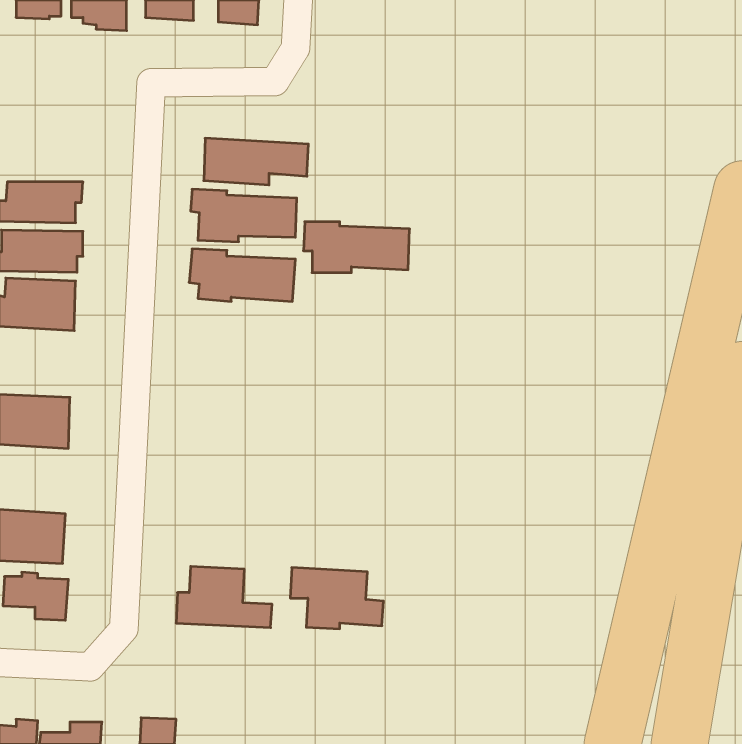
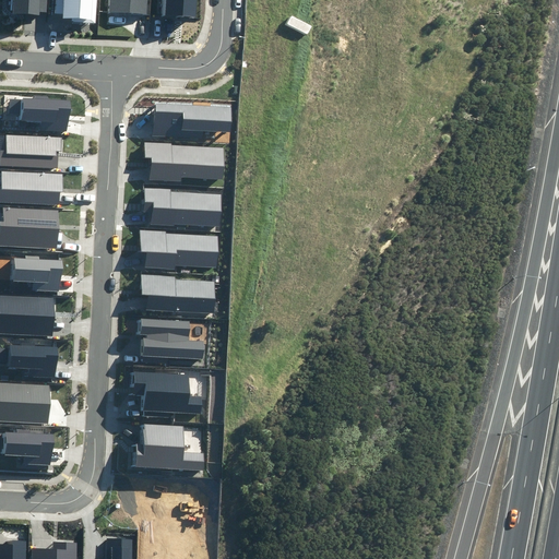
building: none -> [21,95,69,131]
building: [303,222,410,273] -> [138,230,217,269]
building: none -> [12,257,61,292]
building: none -> [140,276,213,313]
building: none -> [140,319,203,364]
building: none -> [8,342,56,377]
building: [290,568,383,629] -> [131,371,201,417]

